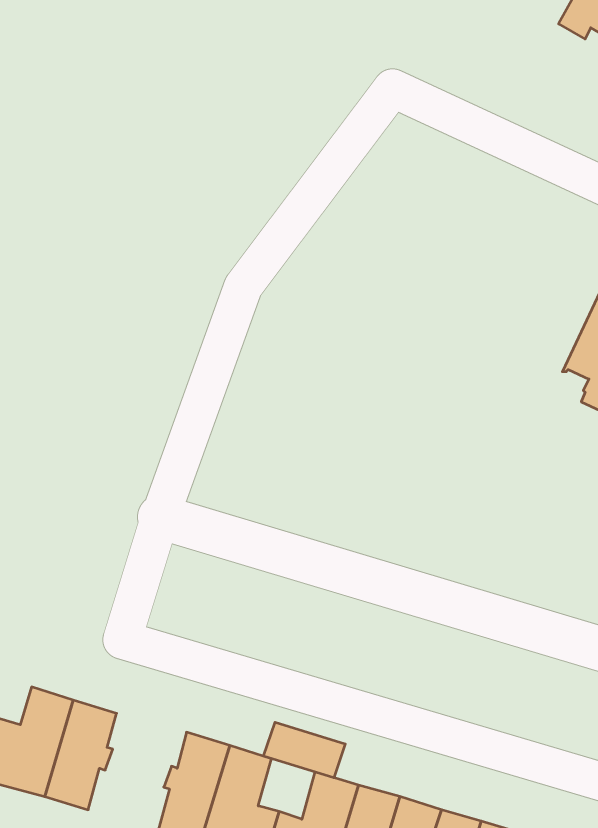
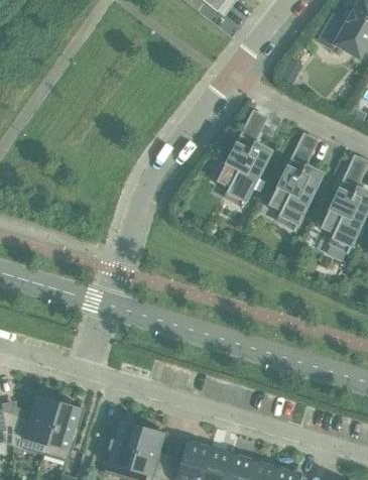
building: none -> [218,108,272,207]
building: none -> [269,131,323,230]
building: [264,722,345,778] -> none

